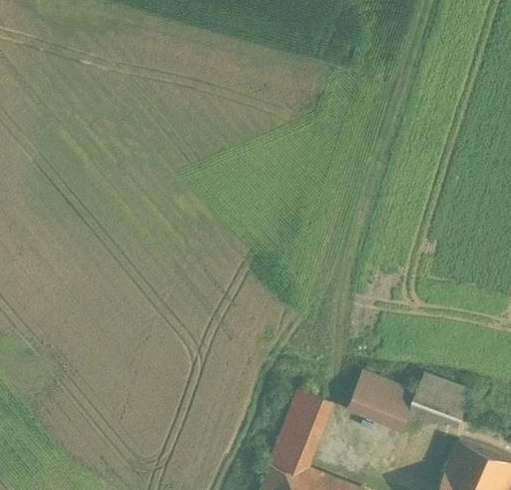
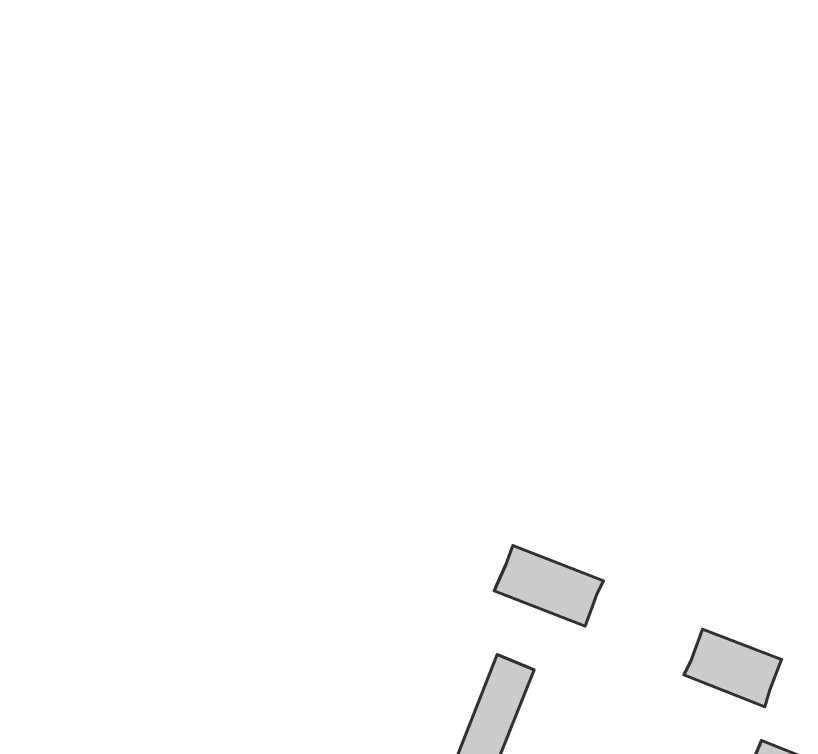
building: [352,377,417,425] -> [494,545,604,626]

